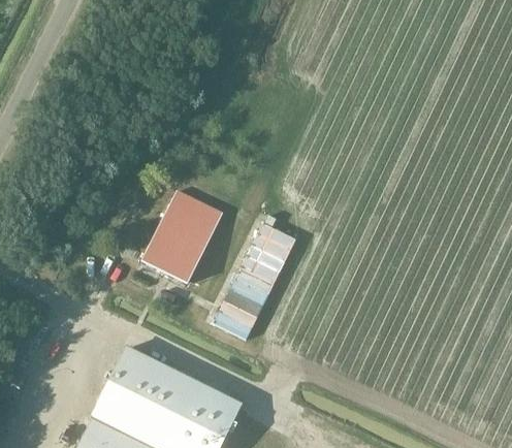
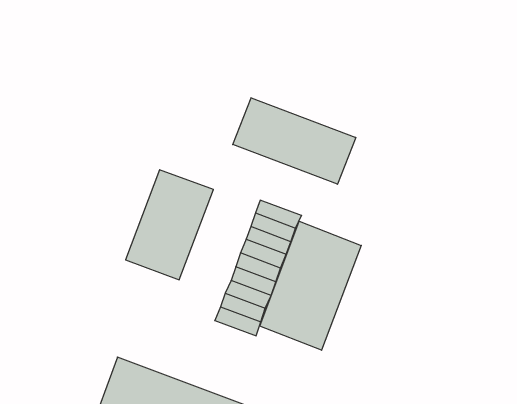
building: none -> [233,98,356,184]
building: none -> [260,221,361,350]

